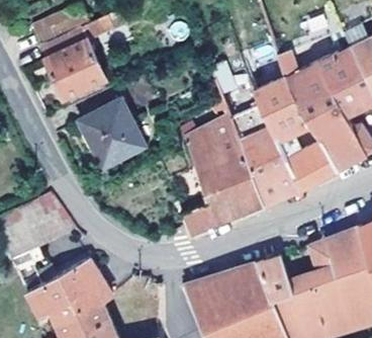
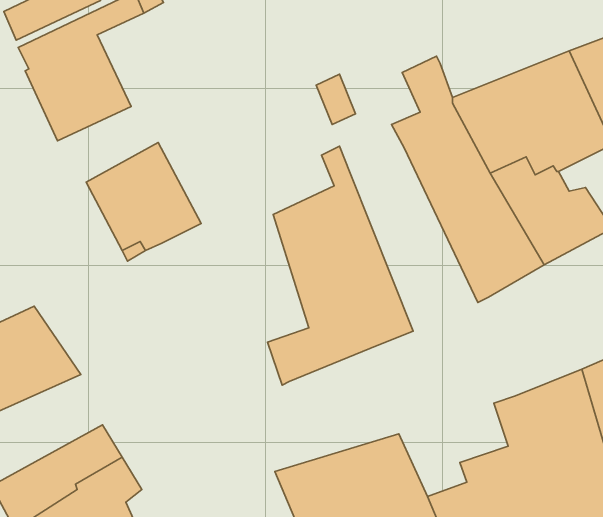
building: [228,103,300,206] -> none
building: [256,256,294,300] -> none

